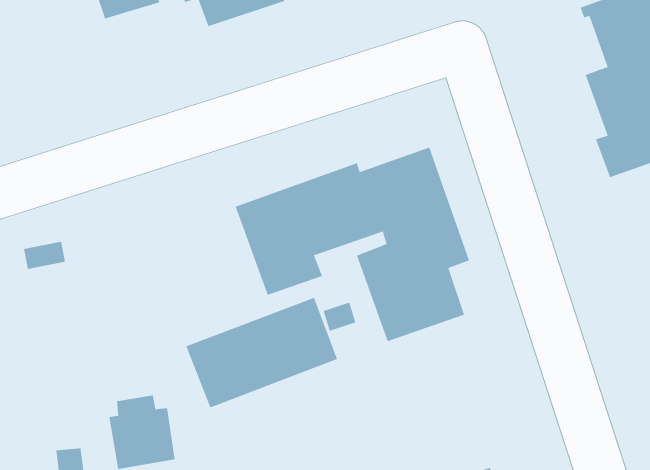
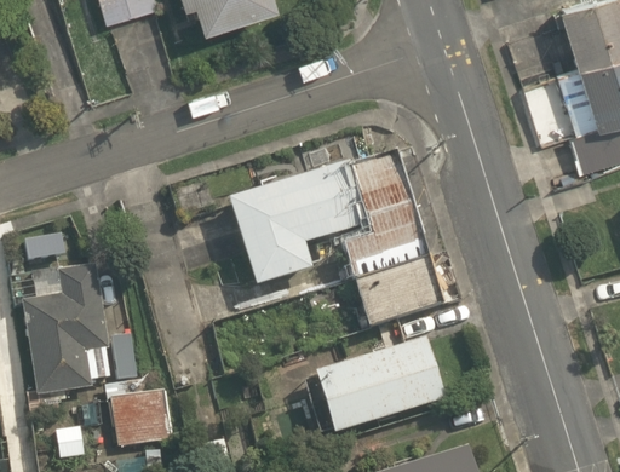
building: none -> [21,261,109,413]
building: [185,297,338,408] -> [305,336,448,441]

